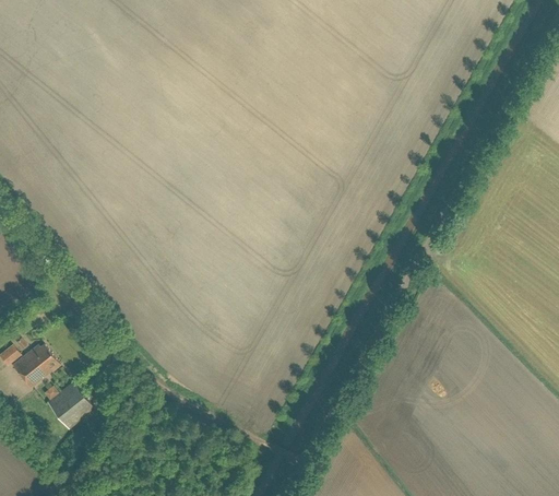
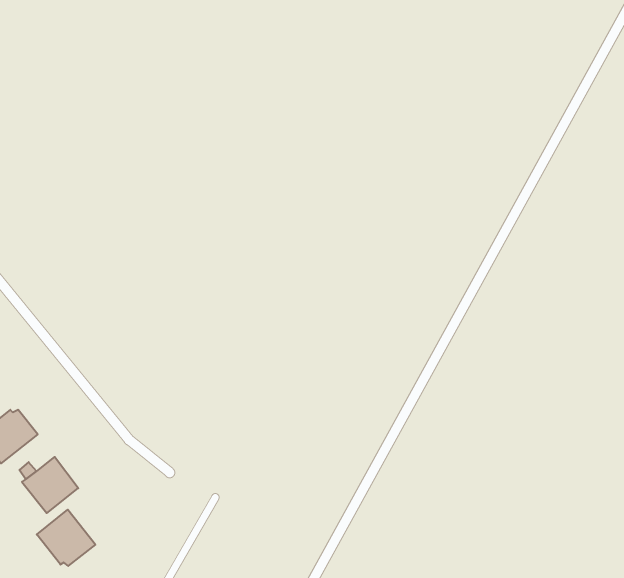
building: none -> [37,510,95,566]

